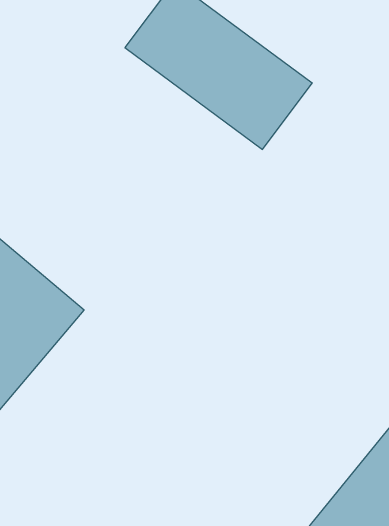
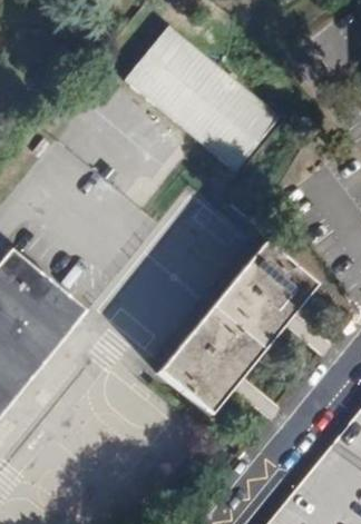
building: none -> [157,237,316,411]

